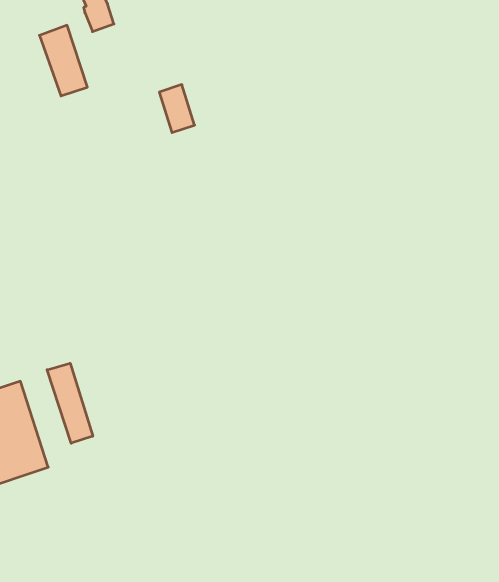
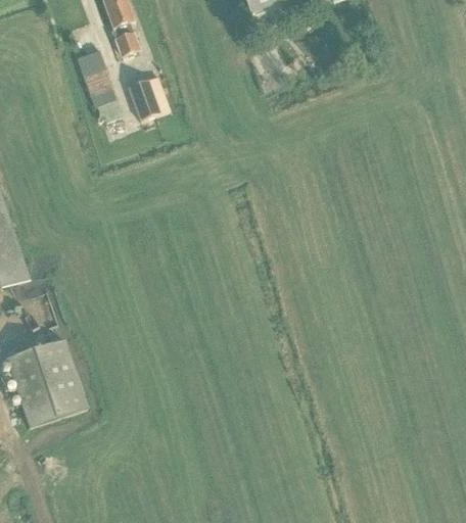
building: [159,85,195,133] -> [132,80,160,118]
building: [47,363,93,443] -> none

